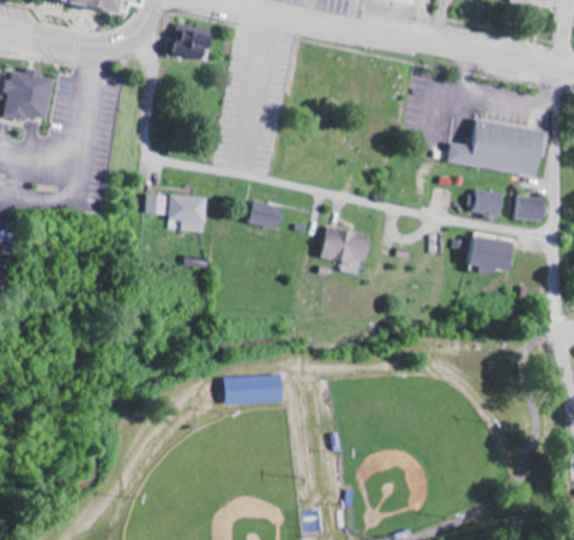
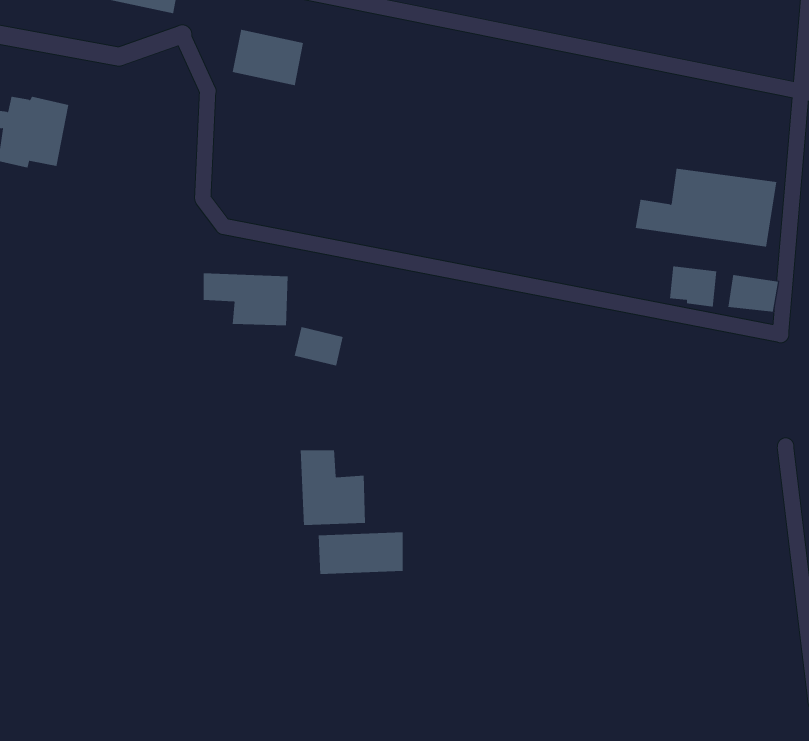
building: [248,200,283,228] -> [294,327,344,366]
building: [320,228,369,272] -> none
building: [465,236,514,275] -> none
building: none -> [300,449,365,526]

